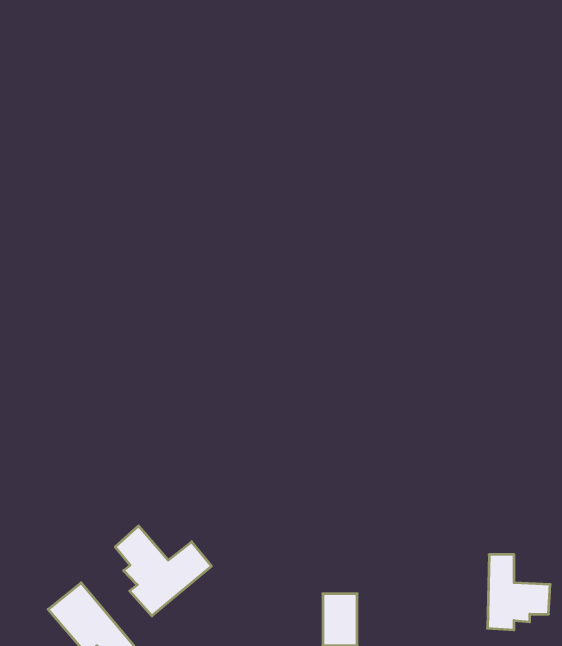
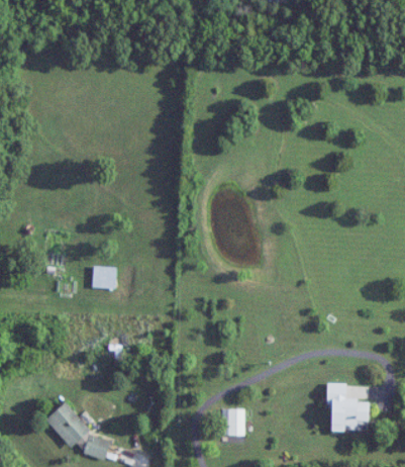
building: none -> [93,266,115,288]
building: [115,526,211,616] -> none

